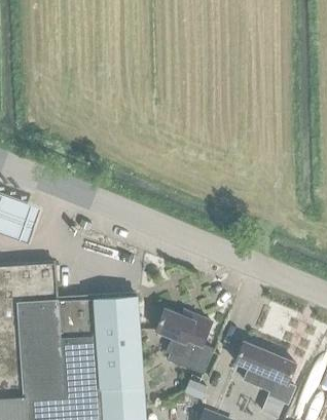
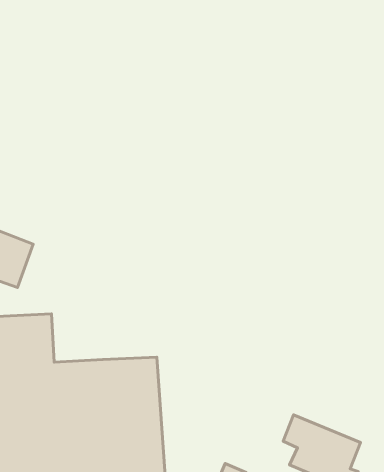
building: [155,309,214,376] -> none

